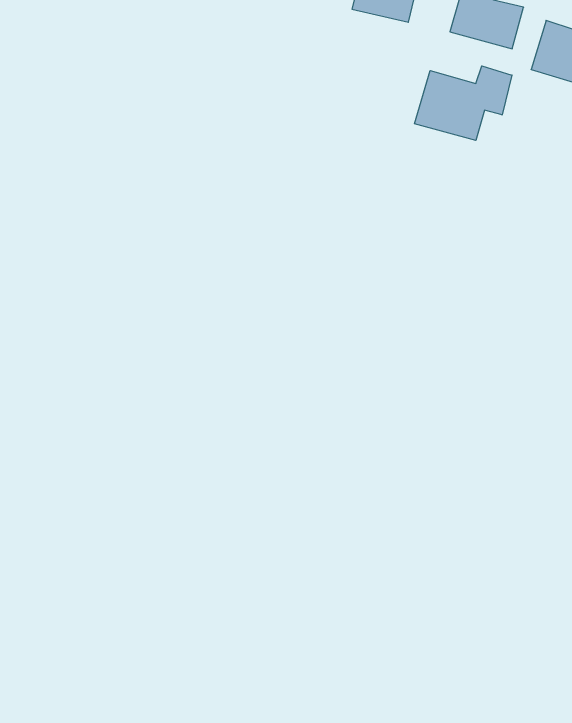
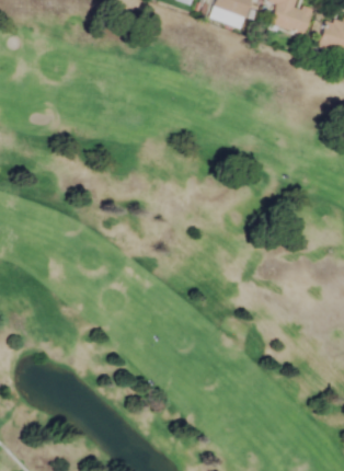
building: [415,66,512,140] -> none

